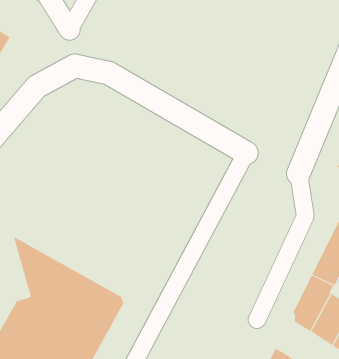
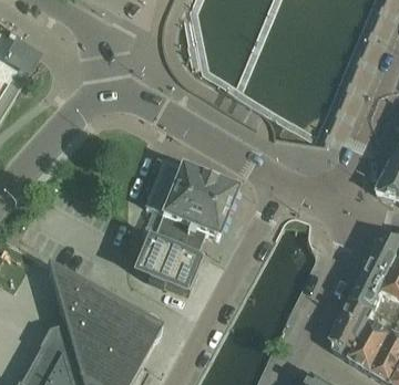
building: none -> [135,159,237,290]

